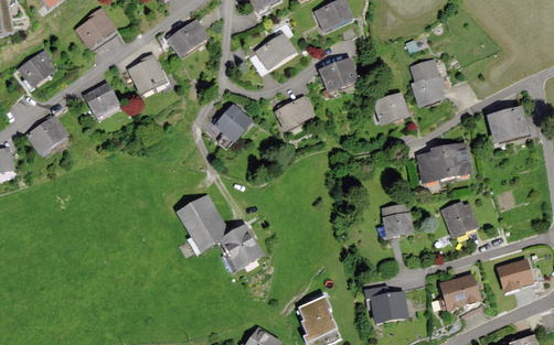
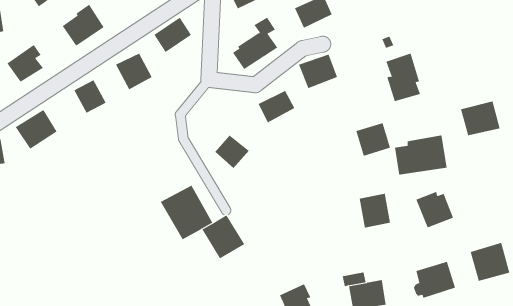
building: [373,89,409,125] -> [356,122,391,156]
building: [217,106,254,141] -> [214,135,250,169]

